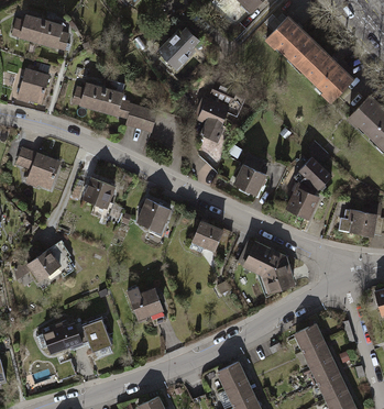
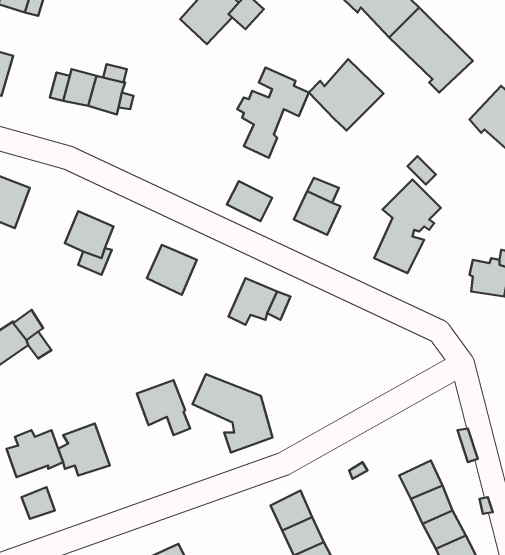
building: none -> [309,59,383,130]
building: [128,107,155,131] -> none
building: [239,242,292,294] -> [192,374,273,453]
building: [295,324,323,352] -> none

